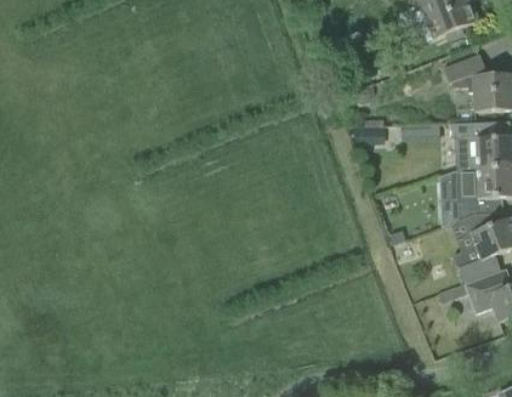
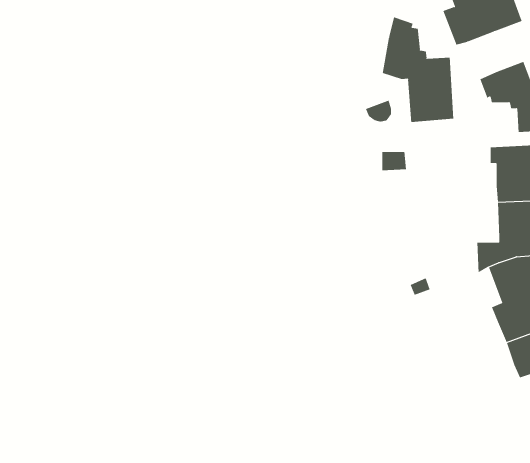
building: none -> [382,17,454,123]

